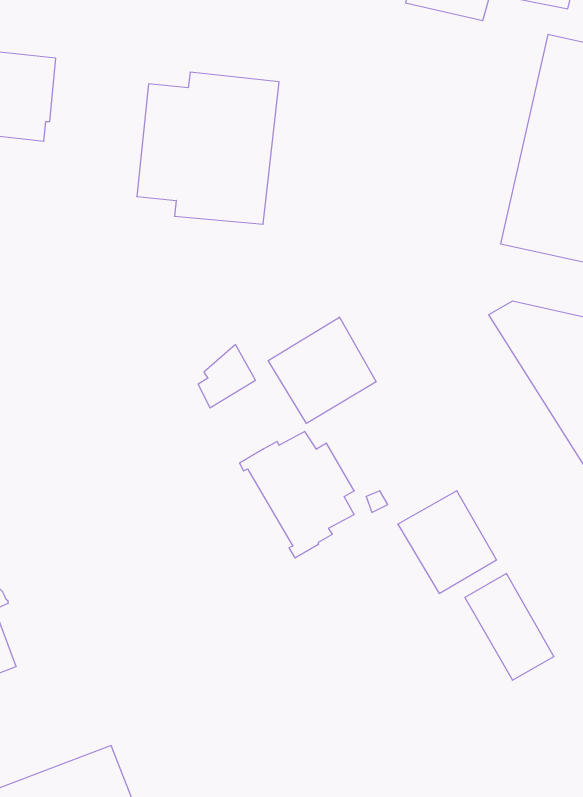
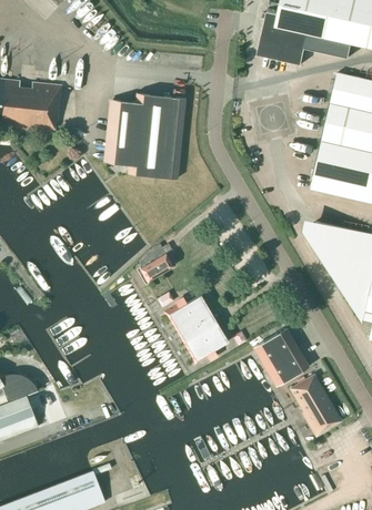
building: [268,317,376,423] -> none

